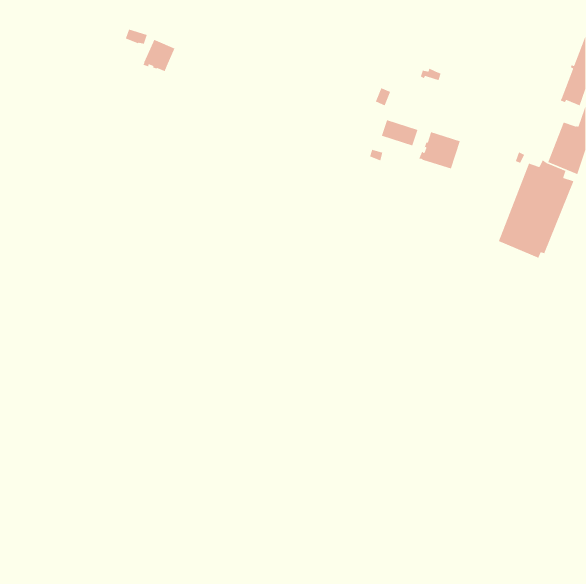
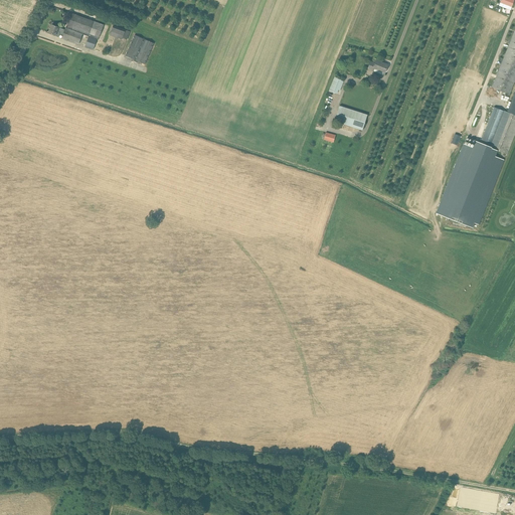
building: none -> [48,11,104,49]
building: [418,131,461,169] -> none

